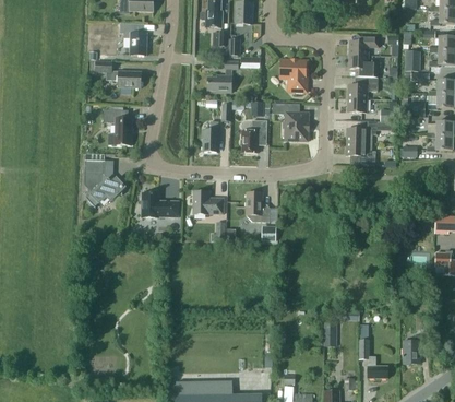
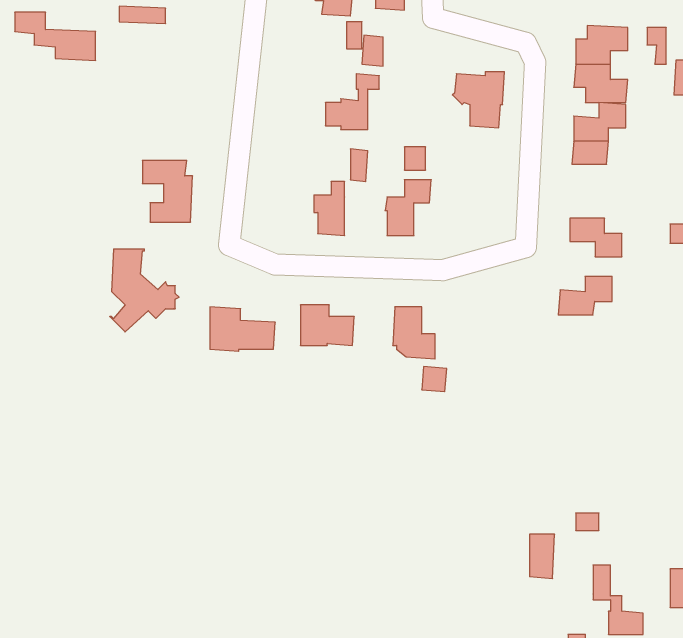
building: [120,23,147,55] -> none
building: [95,60,141,87] -> [15,12,96,60]
building: [273,103,308,140] -> none
building: [346,120,376,142] -> [558,276,612,315]

